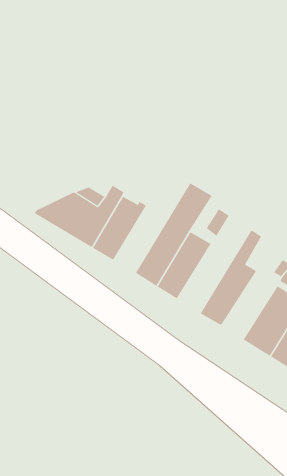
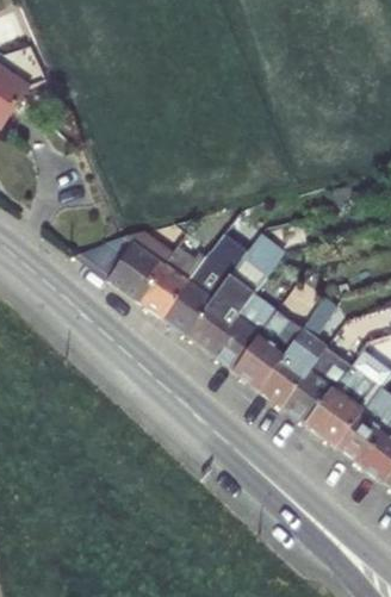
building: none -> [162,218,259,335]
building: none -> [232,309,303,388]
building: none -> [281,347,350,423]

